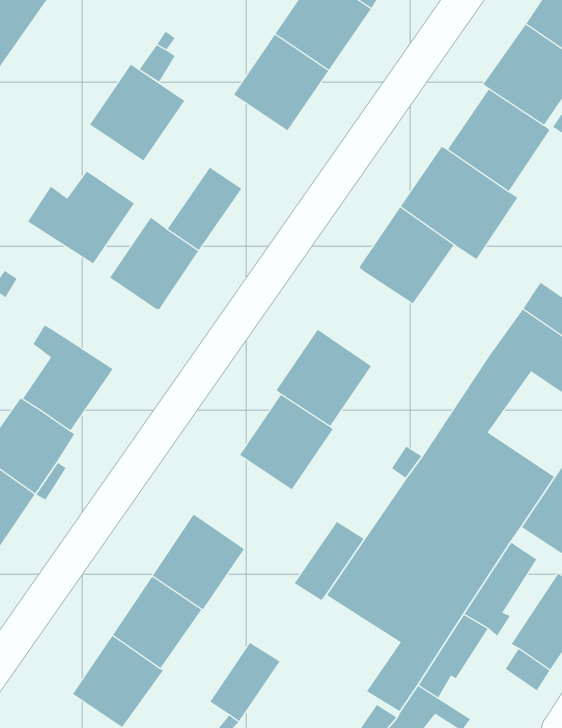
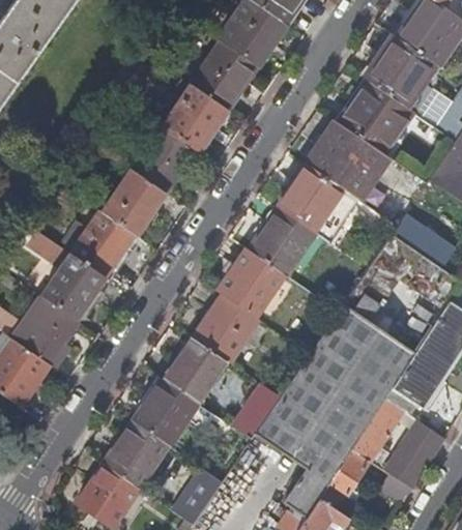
building: [89,64,185,161] -> [161,84,228,152]
building: [27,171,135,264] -> [59,211,135,276]
building: none -> [251,207,317,275]
building: none -> [165,336,228,403]

